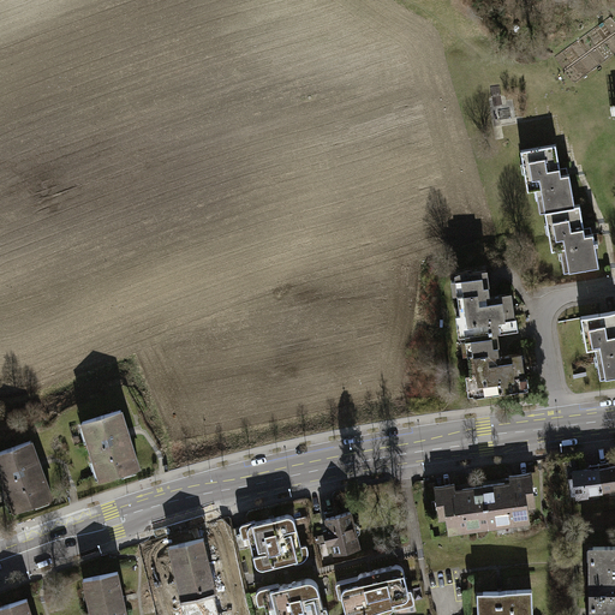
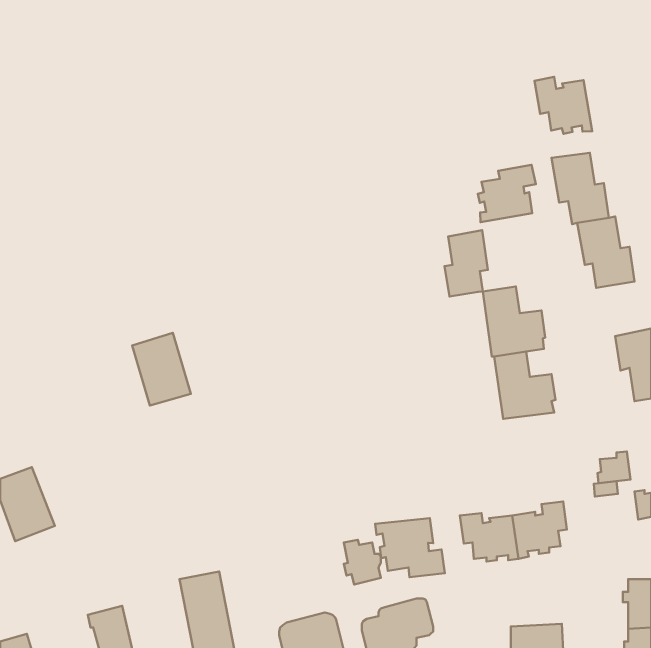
building: none -> [534,77,592,134]
building: none -> [478,165,536,222]
building: none -> [444,230,488,296]
building: [83,413,138,482] -> [132,333,191,405]
building: [571,466,602,496] -> [597,451,630,483]
building: none -> [375,518,445,577]
building: [247,517,301,569] -> none

